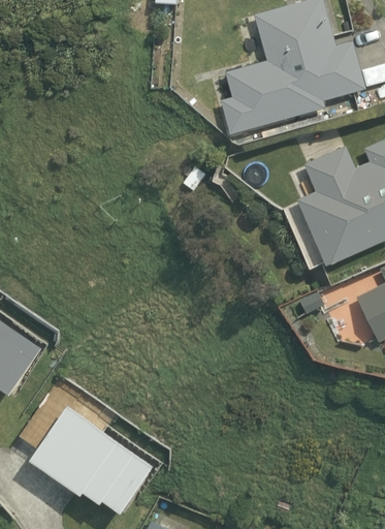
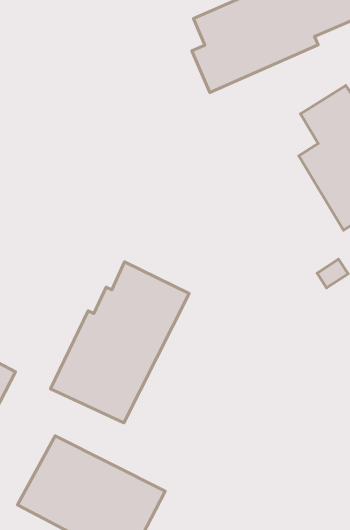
building: none -> [50,262,189,423]

